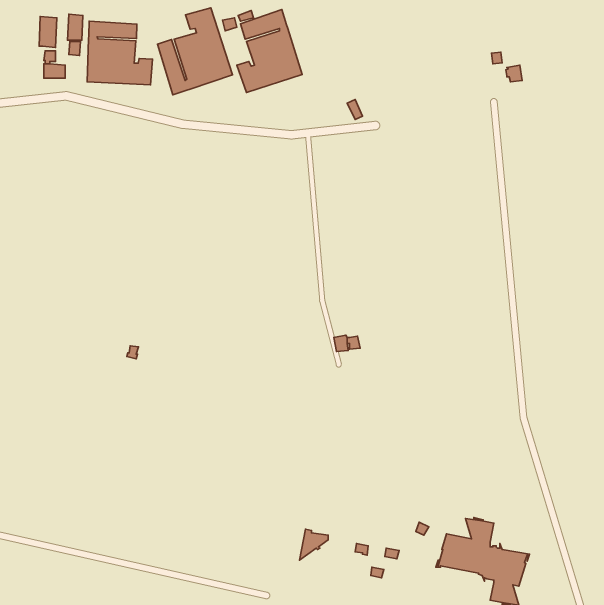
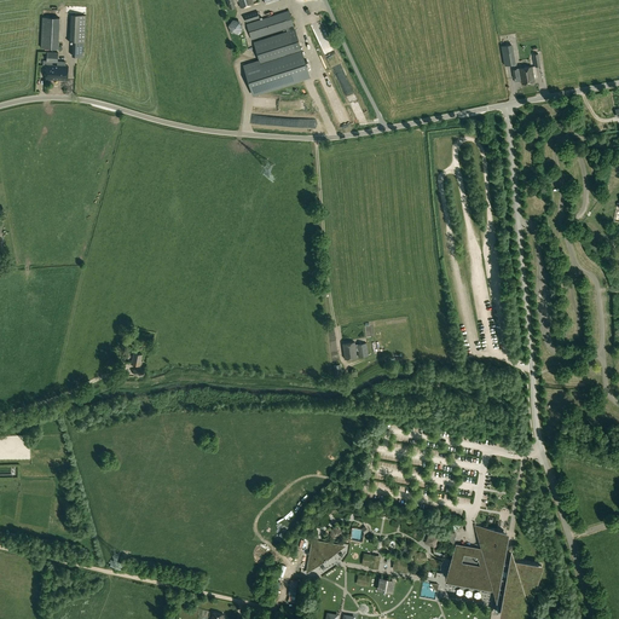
building: [158,8,232,95] -> none
building: [87,21,153,85] -> none

